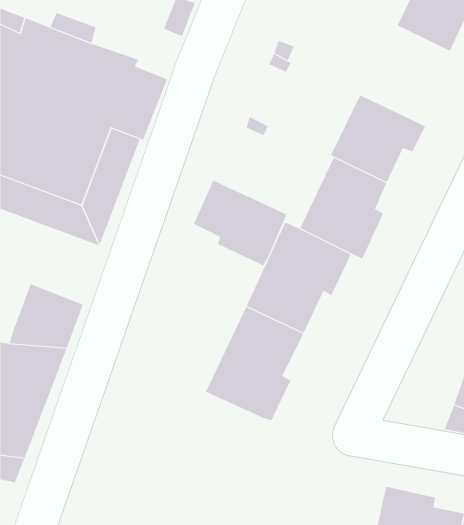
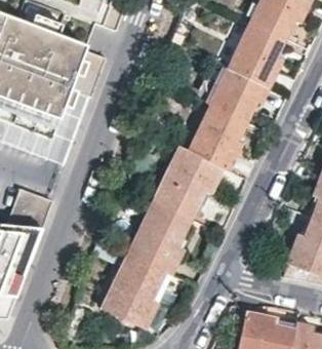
building: none -> [229,22,285,85]
building: [193,180,287,266] -> none
building: none -> [104,254,166,329]

